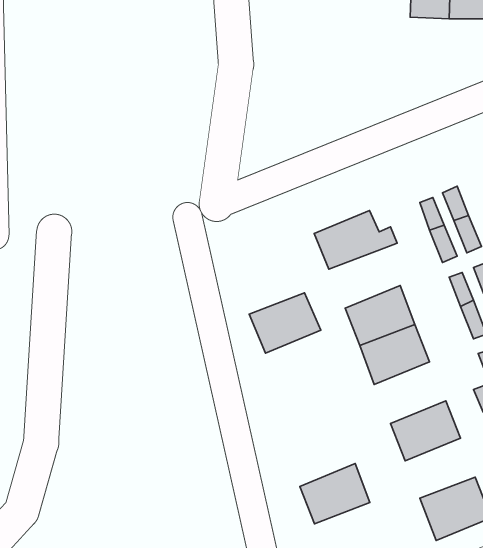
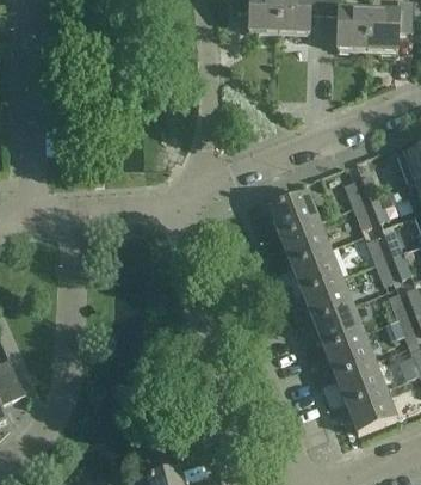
building: [249,293,321,353] -> [277,217,329,262]
building: none -> [310,301,363,346]
building: [300,464,370,524] -> [333,357,384,401]

